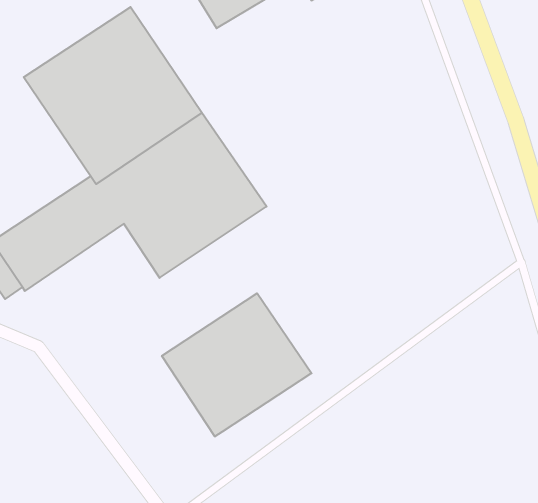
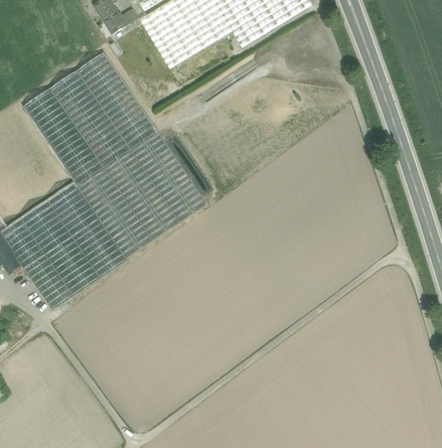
building: none -> [23,216,128,310]
building: [162,293,312,437] -> none

